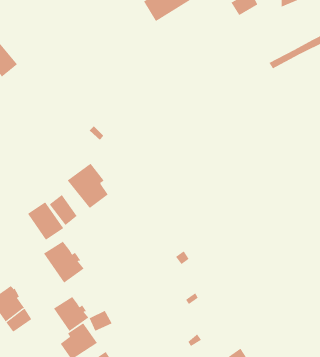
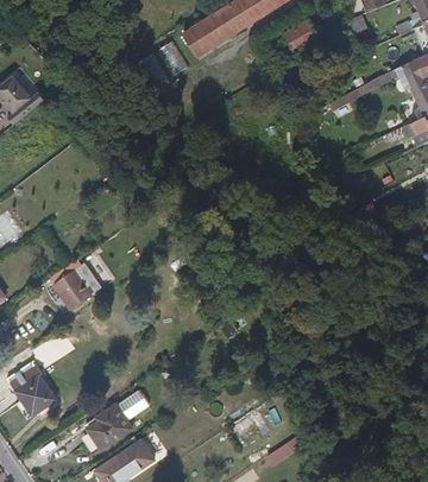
building: [67,163,108,209] -> none
building: [43,241,85,284] -> none
building: [53,296,89,332] -> none

